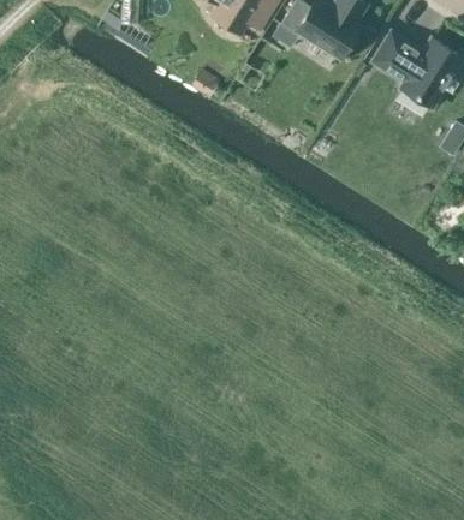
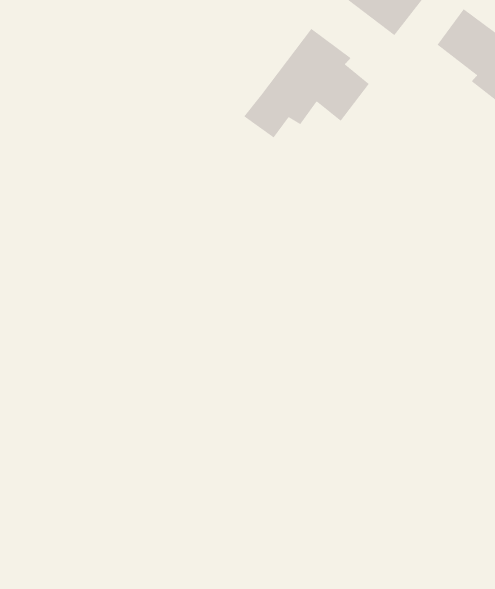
building: none -> [243,28,370,138]

